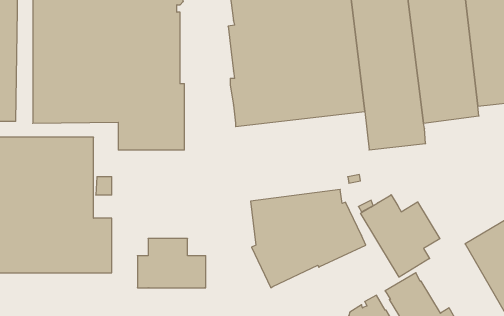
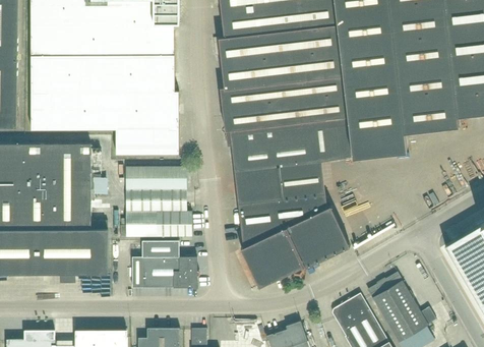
building: none -> [226,119,353,205]
building: none -> [126,169,192,236]
building: [361,195,440,277] -> none

